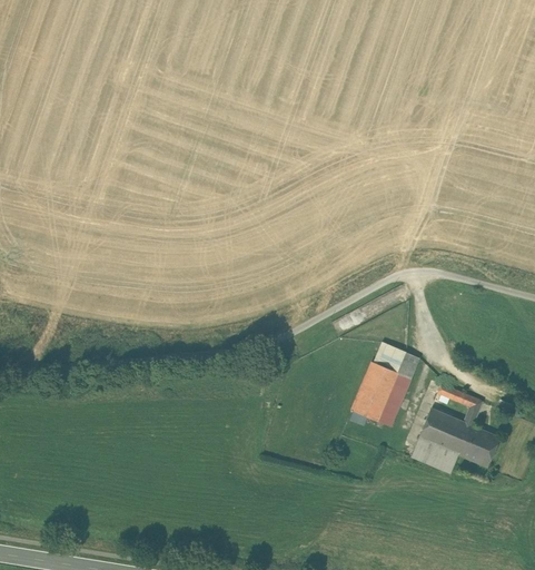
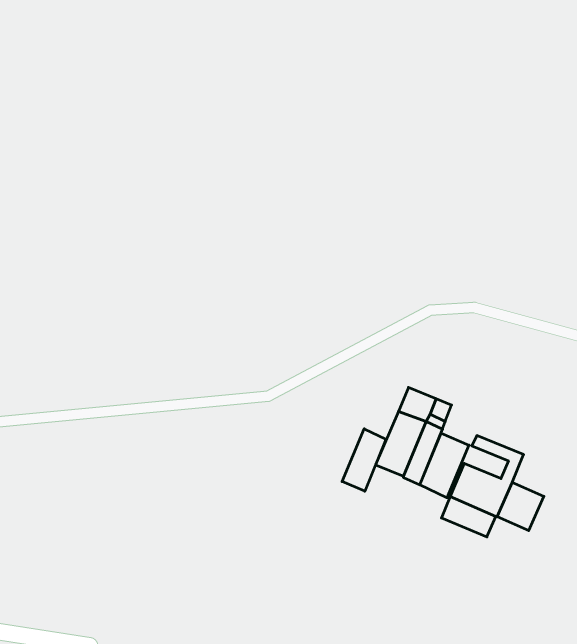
building: none -> [342,429,386,491]
building: none -> [420,433,469,498]

